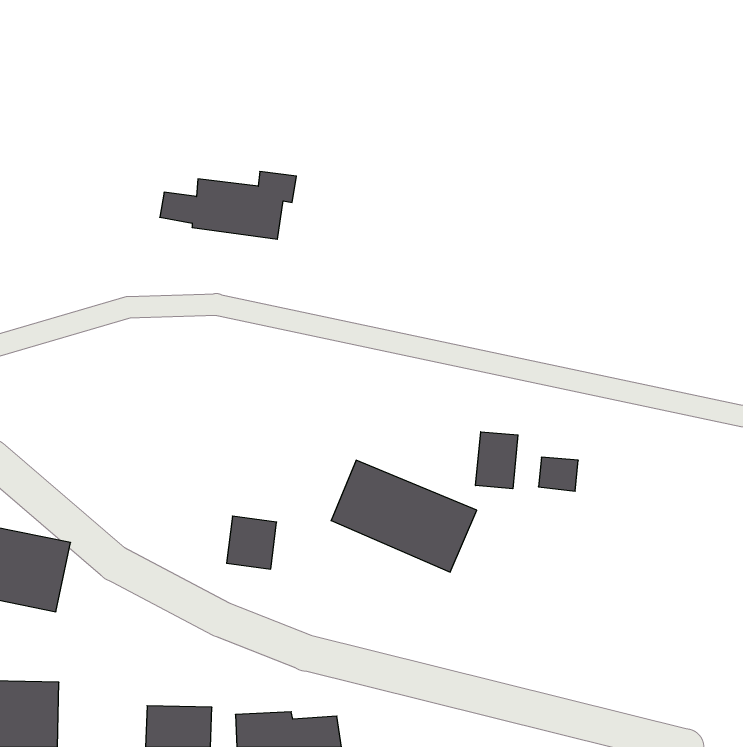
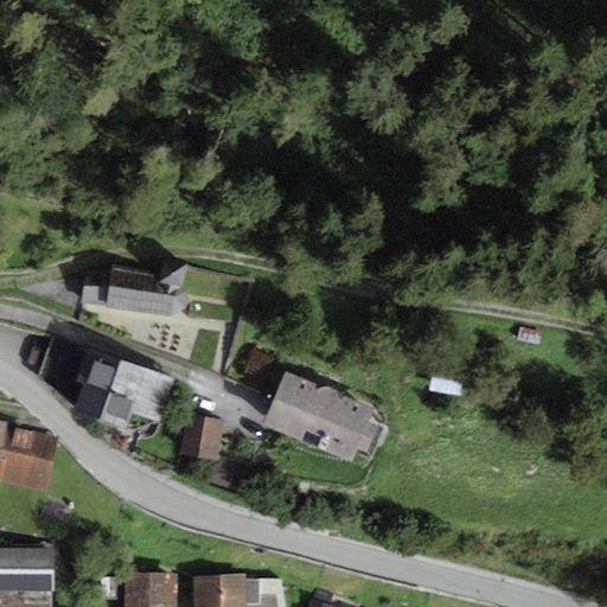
building: [160,172,296,239] -> [81,264,191,319]
building: [476,432,518,489] -> none
building: none -> [72,352,174,424]

